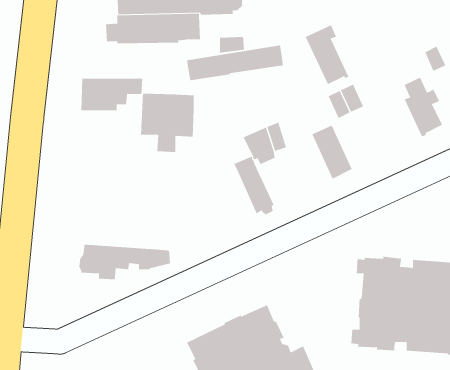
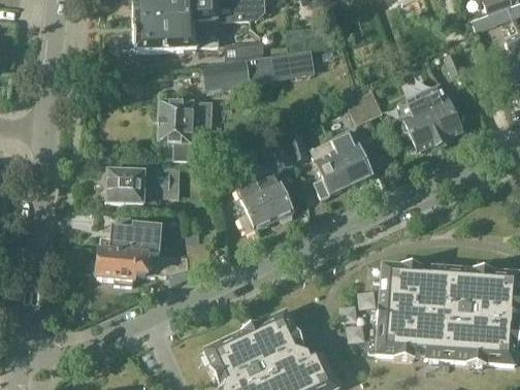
building: [305,24,349,85] -> [397,91,442,152]
building: [81,78,143,111] -> [108,171,171,204]
building: none -> [311,140,352,199]
building: none -> [230,163,275,232]
building: none -> [102,216,162,255]

